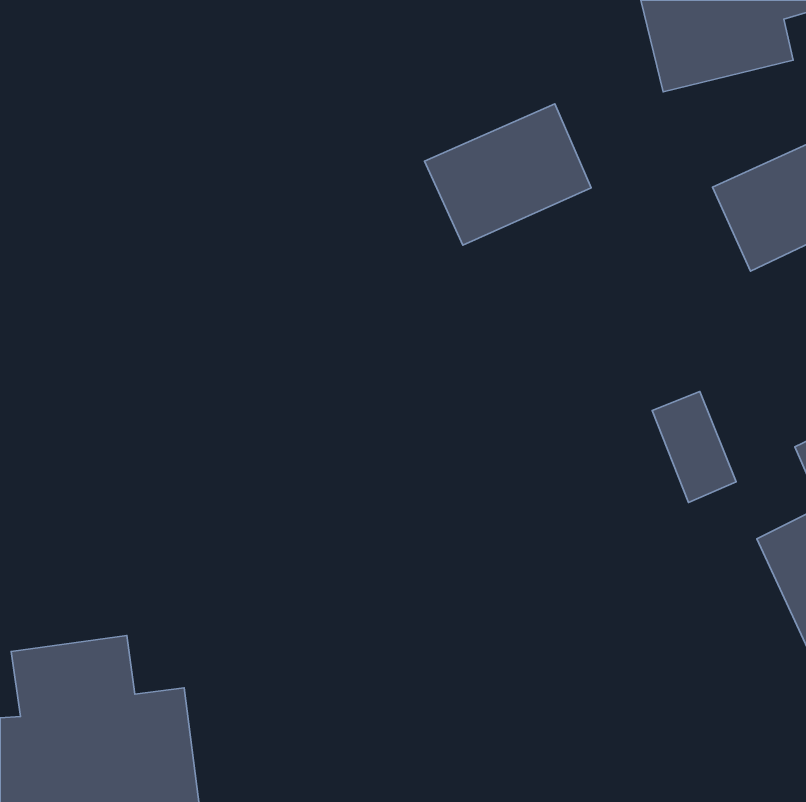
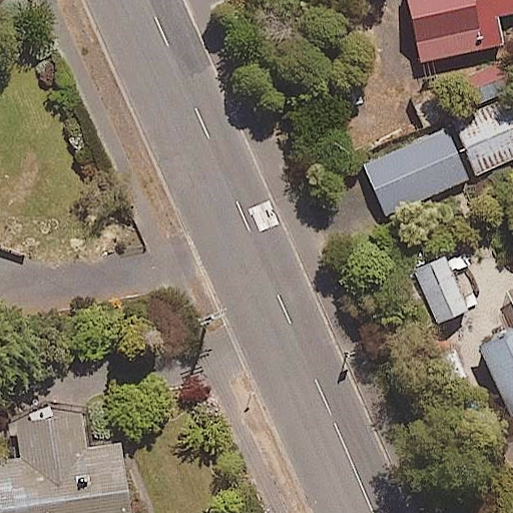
building: [425,104,591,245] -> [364,127,469,216]

